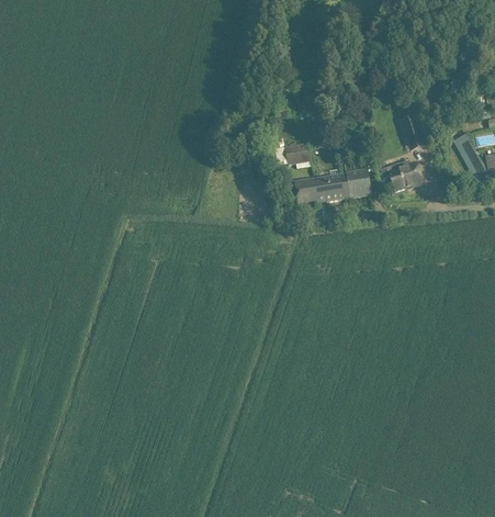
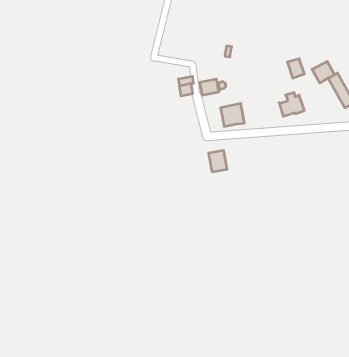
building: none -> [312,61,334,83]
building: [340,168,372,198] -> none
building: [294,178,318,205] -> [209,151,227,172]

